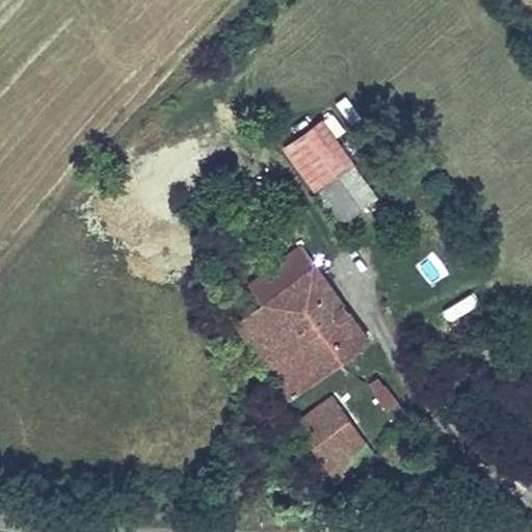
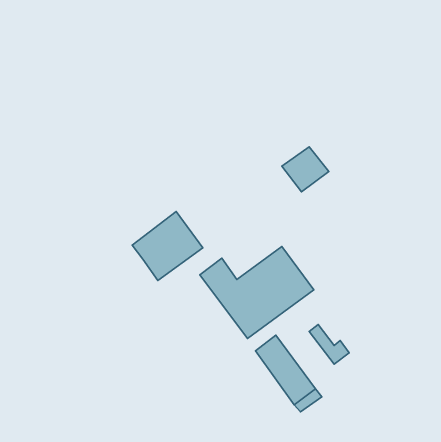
building: [285,119,364,195] -> none
building: [248,247,331,328] -> [132,212,203,281]

